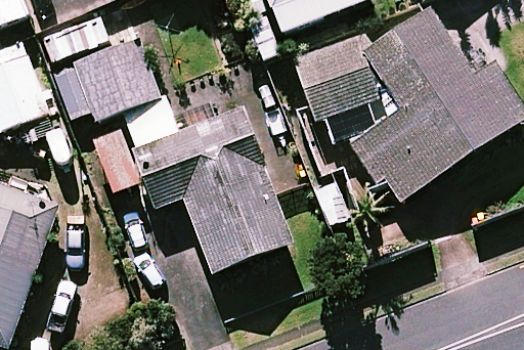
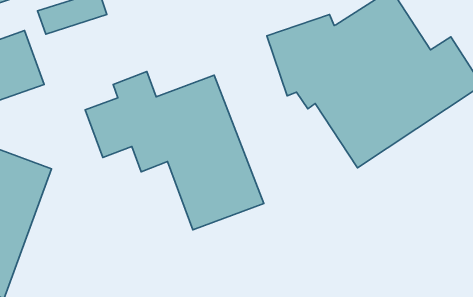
building: [53,38,162,127] -> none

